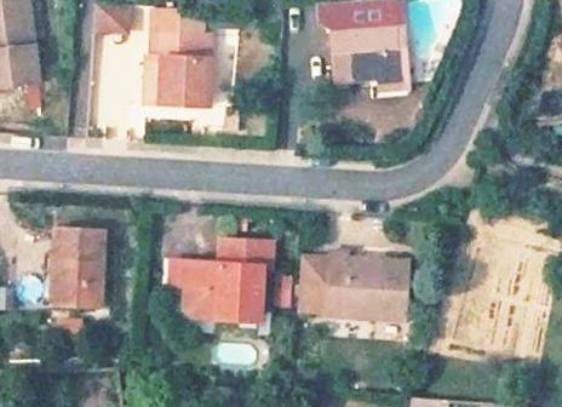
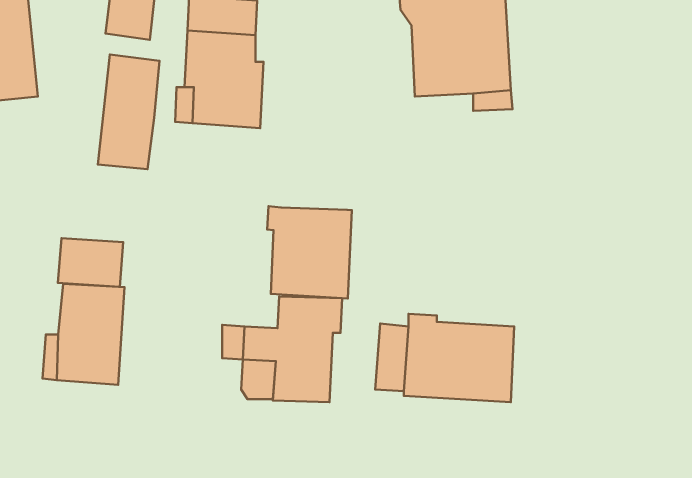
building: none -> [98,55,159,169]
building: none -> [267,206,352,299]
building: none -> [58,238,123,287]

